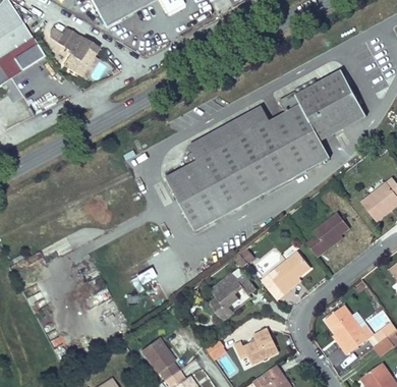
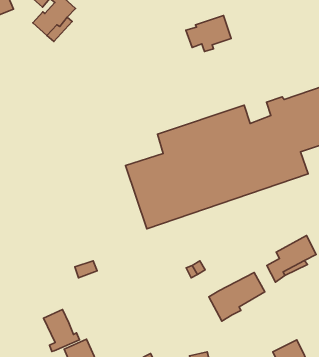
building: none -> [186,16,231,52]
building: [208,274,254,320] -> none
building: none -> [44,309,80,352]

